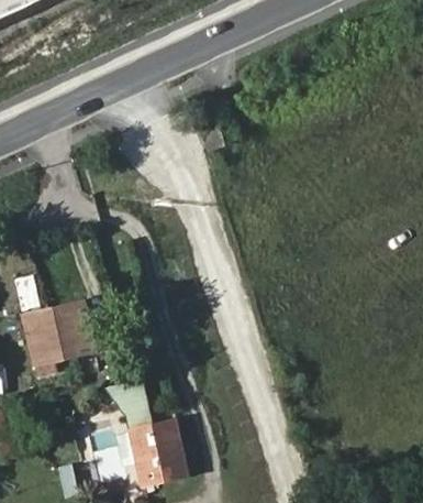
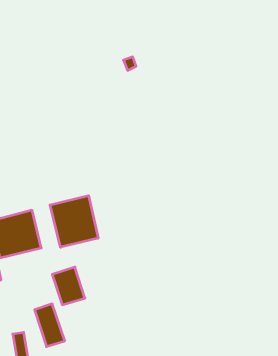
building: none -> [50,196,98,247]
building: [129,420,186,485] -> none

